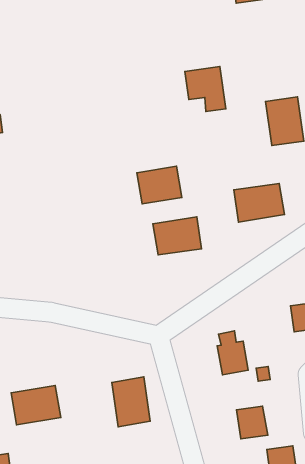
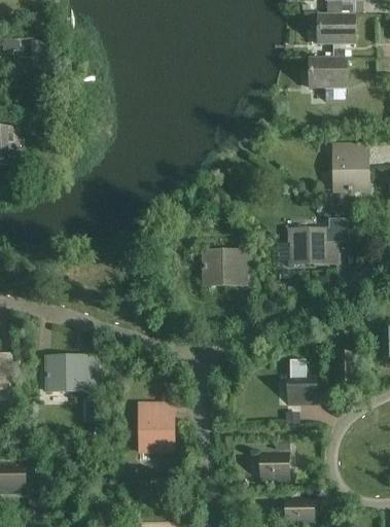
building: [185,67,226,112] -> [310,57,346,100]
building: [137,166,182,204] -> none
building: [217,331,248,375] -> [287,359,315,401]
building: [11,386,61,425] -> [46,356,93,390]

